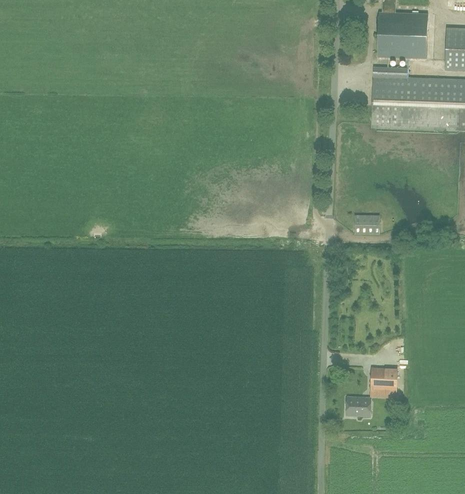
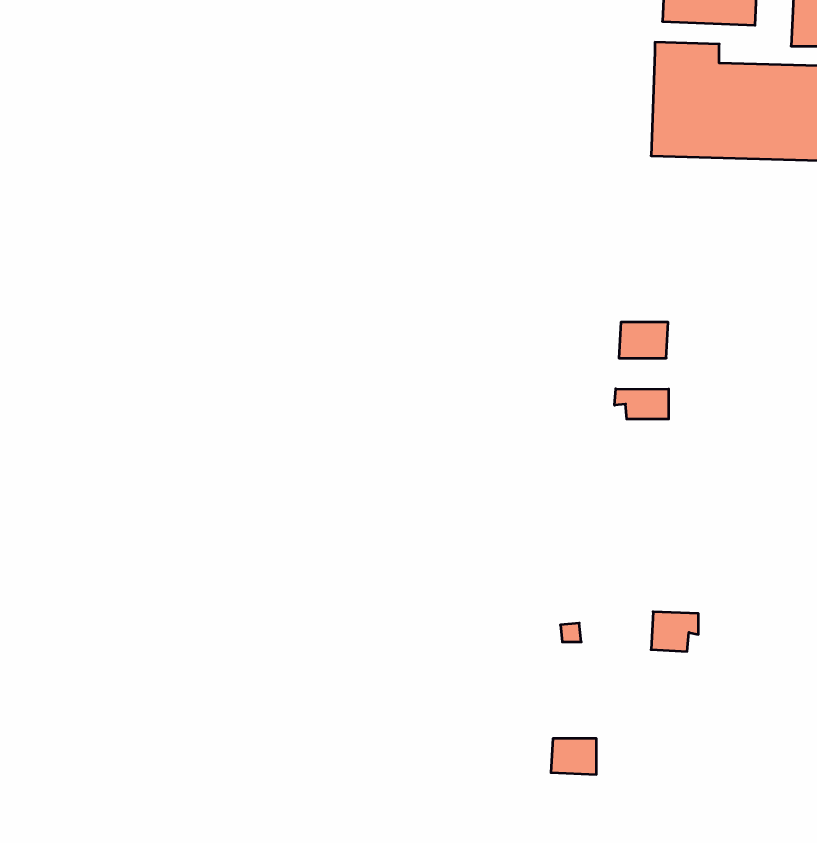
building: none -> [615,389,669,419]
building: [346,396,370,415] -> [551,739,596,774]

